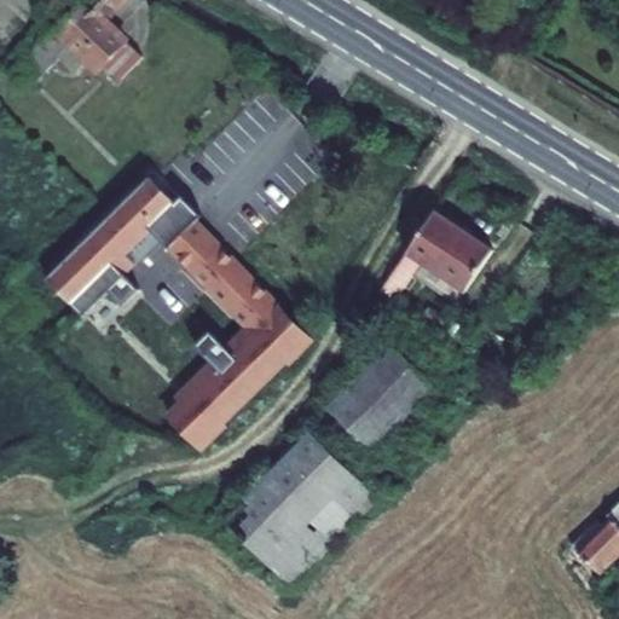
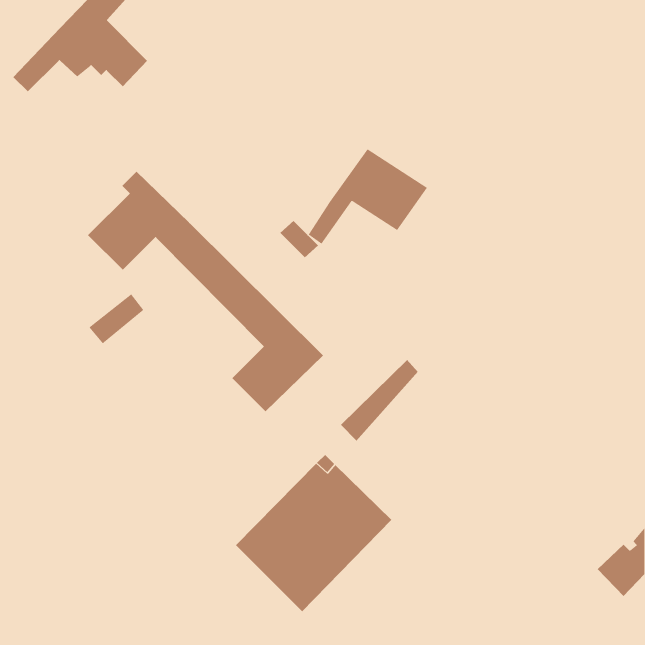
building: [376,213,491,305] -> [308,148,428,245]
building: [39,225,117,306] -> none
building: [341,355,434,452] -> none
building: [167,361,254,449] -> none

